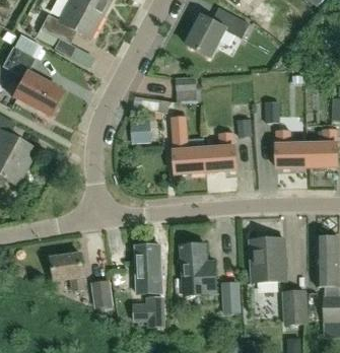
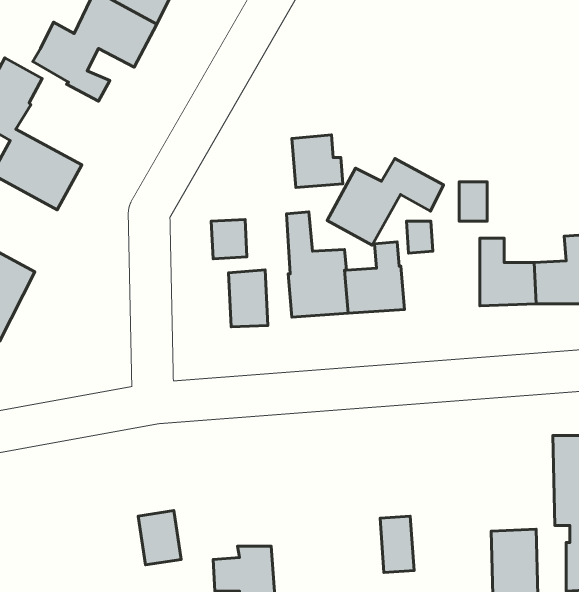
building: [186,11,249,58] -> [327,159,444,245]
building: none -> [228,270,268,327]
building: [251,238,286,282] -> none
building: [180,243,216,295] -> none
building: [135,246,161,292] -> none
building: [51,253,84,290] -> none

